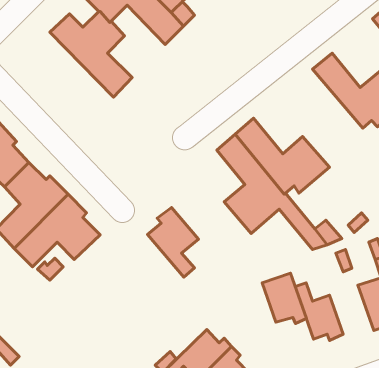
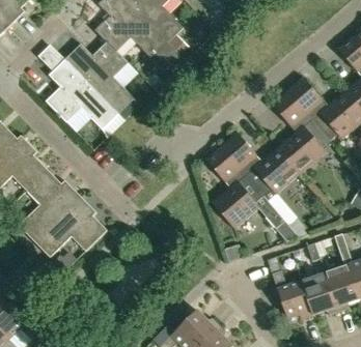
building: none -> [46,59,118,129]
building: none -> [271,90,329,173]
building: [148,207,199,277] -> none
building: [262,273,306,323] -> [301,272,338,315]

